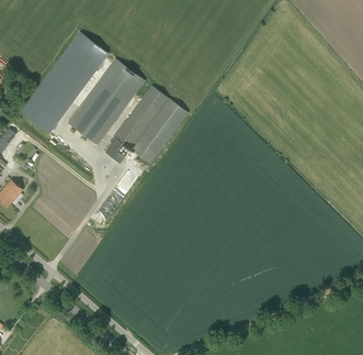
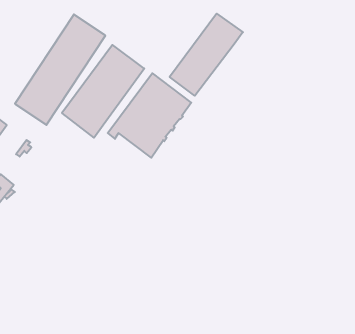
building: none -> [170,14,243,96]

